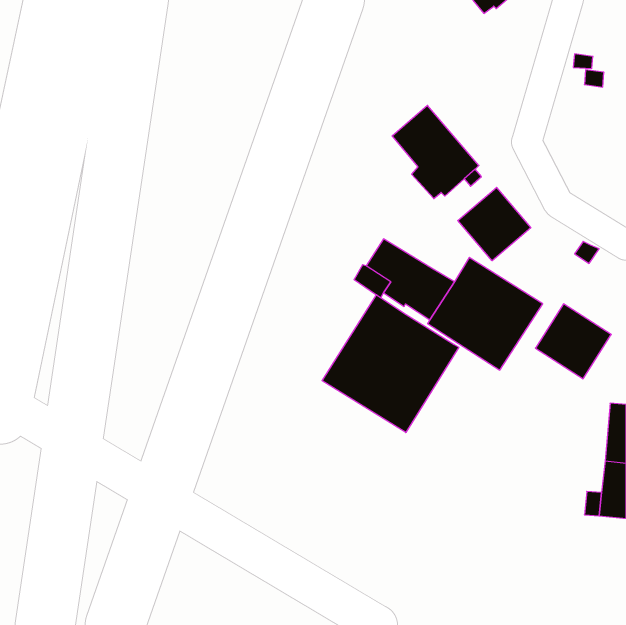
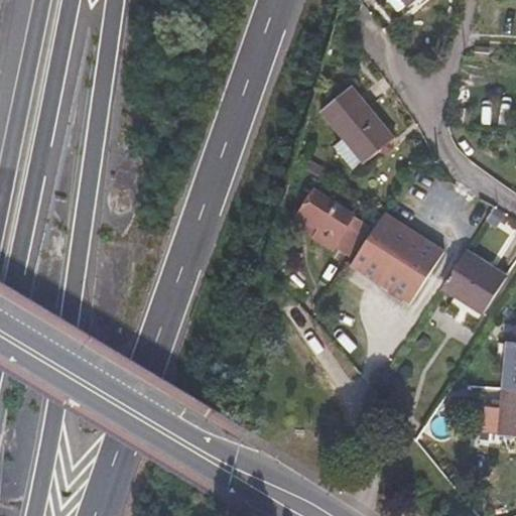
building: [458,187,531,261] -> none
building: [322,295,459,433] -> none

